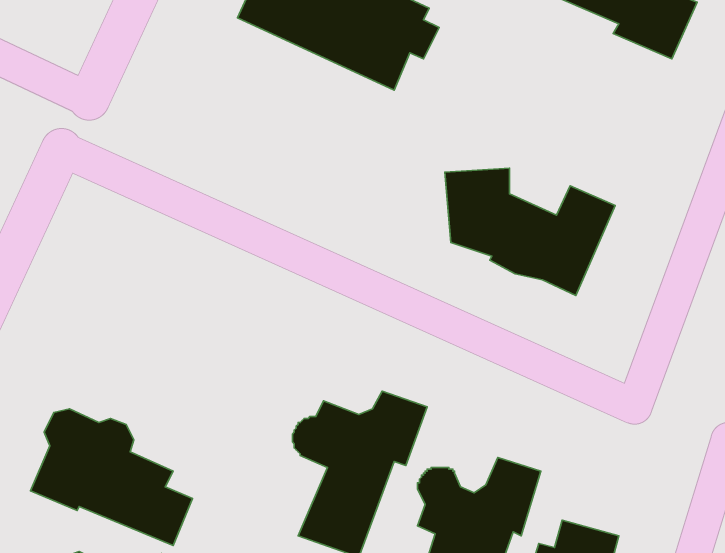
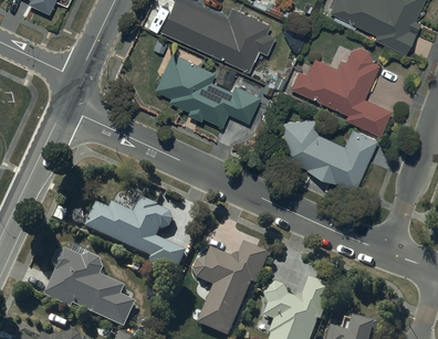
building: none -> [291,47,392,134]
building: none -> [155,52,261,126]
building: none -> [85,199,186,276]

